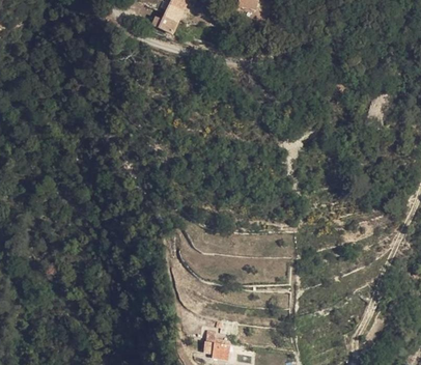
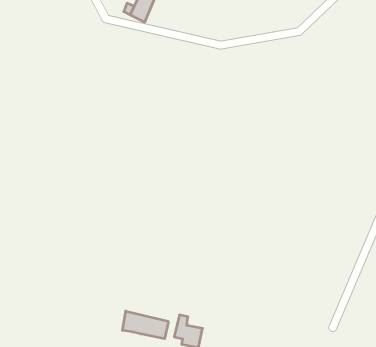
building: none -> [122,311,168,339]

